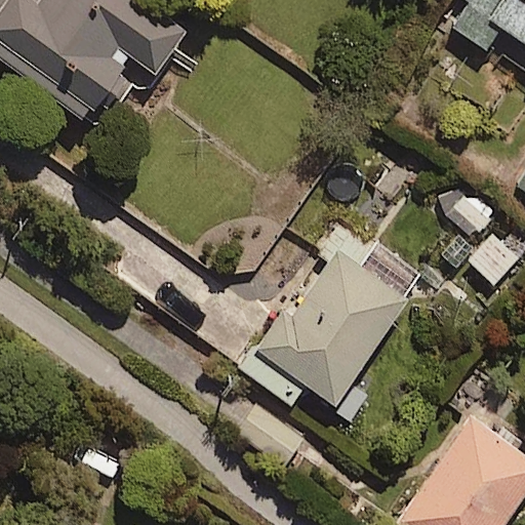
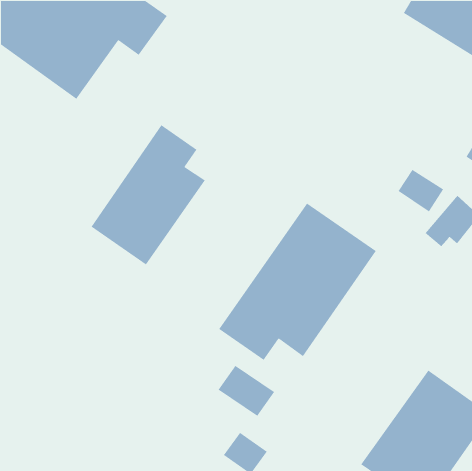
building: none -> [90,124,206,266]

